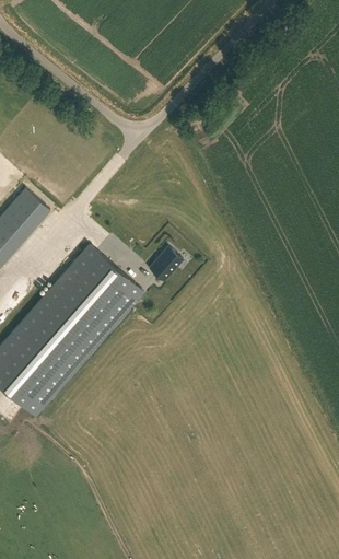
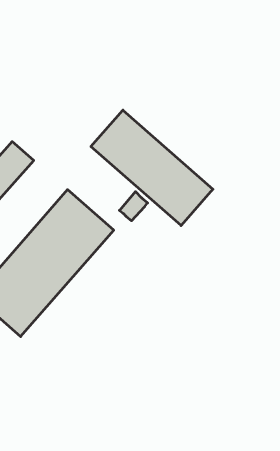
building: none -> [91,110,213,226]

